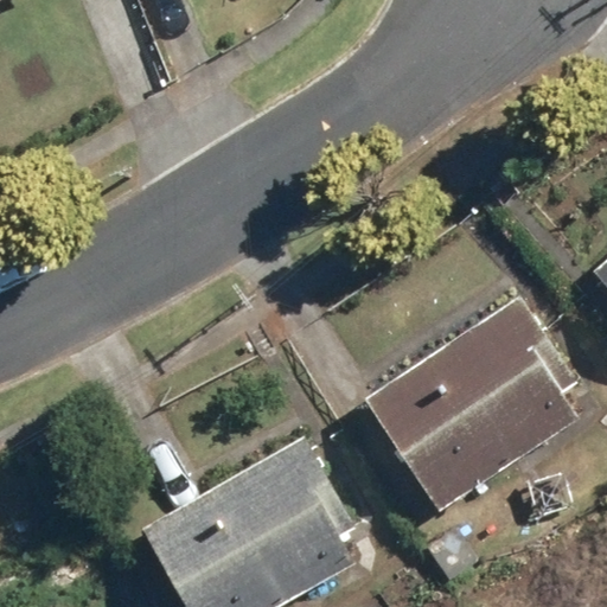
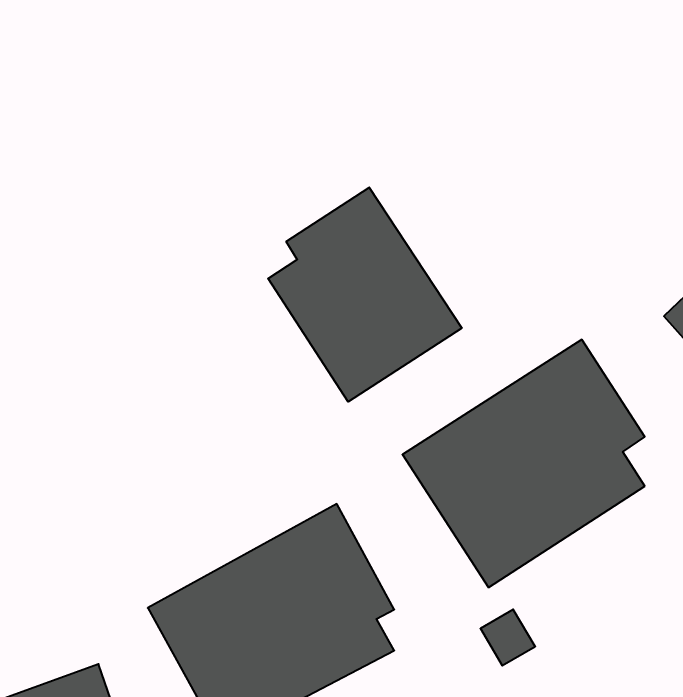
building: none -> [268,187,462,402]

